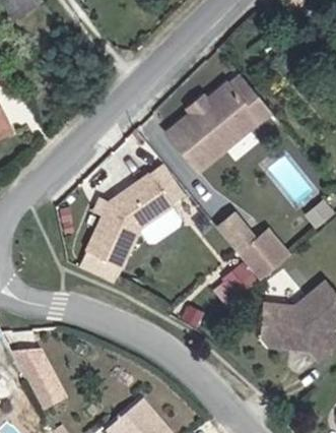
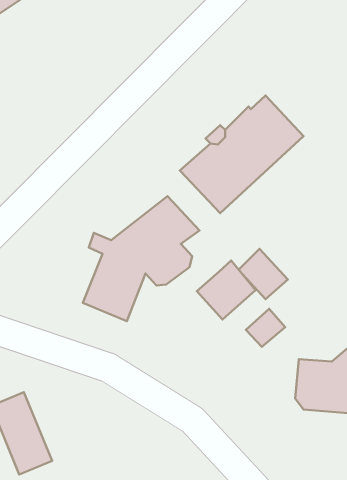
building: [240,226,288,274] -> [197,261,256,319]

